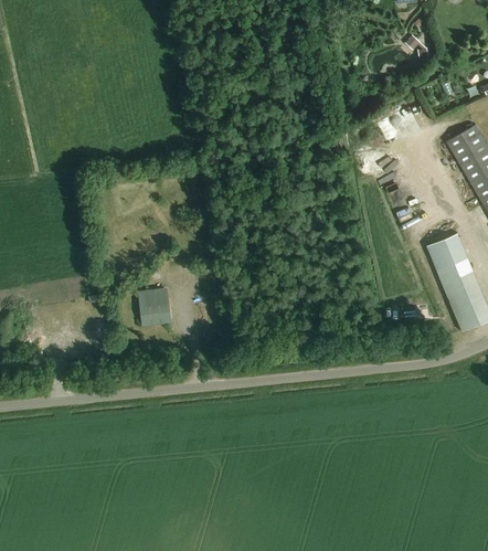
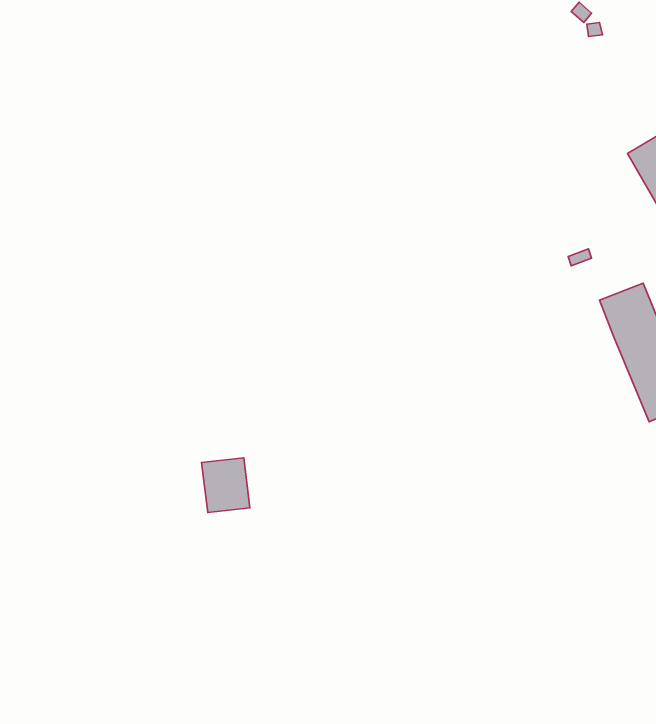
building: [138,287,172,326] -> [202,458,250,513]

